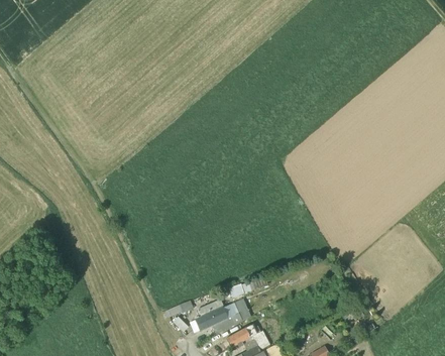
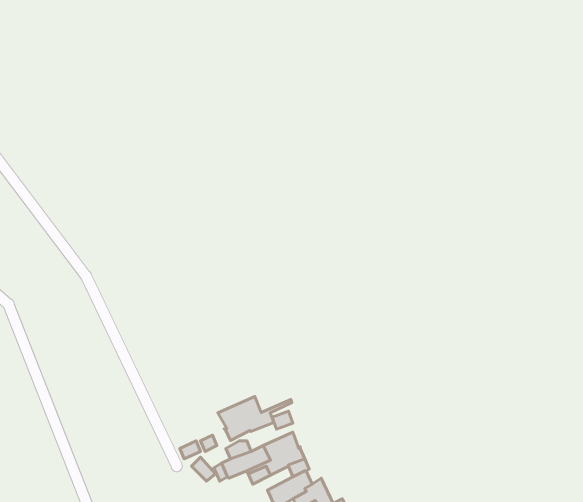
building: none -> [218,397,292,440]

